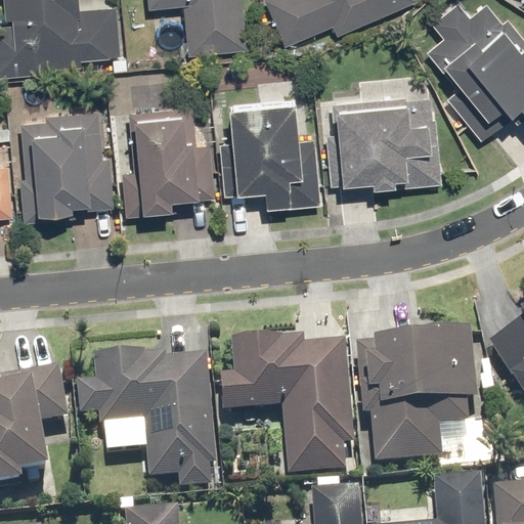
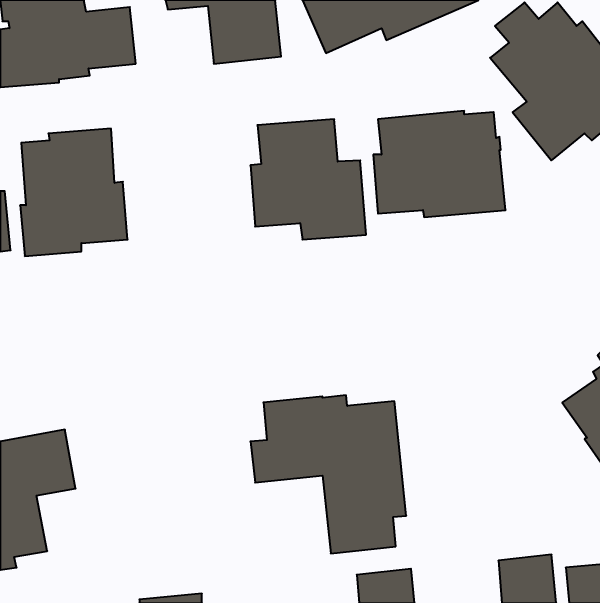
building: [122,107,196,217] -> none
building: [356,338,477,469] -> none
building: [76,358,218,493] -> none

